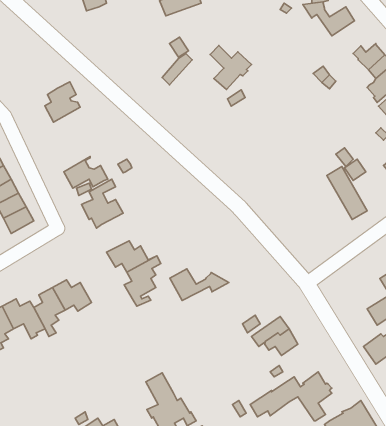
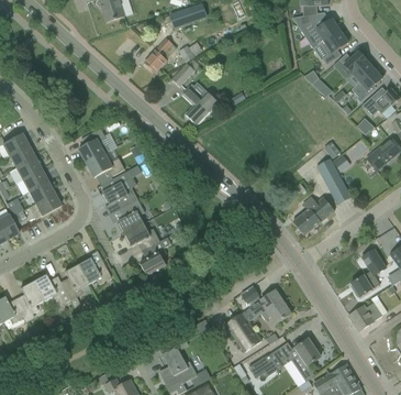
building: none -> [321,31,348,65]
building: none -> [144,39,177,73]
building: [210,46,252,90] -> [182,86,219,124]
building: [45,82,80,122] -> [79,128,110,163]
building: none -> [292,196,335,235]
building: none -> [118,199,145,233]
building: [170,269,229,301] -> none
building: none -> [226,312,261,352]

